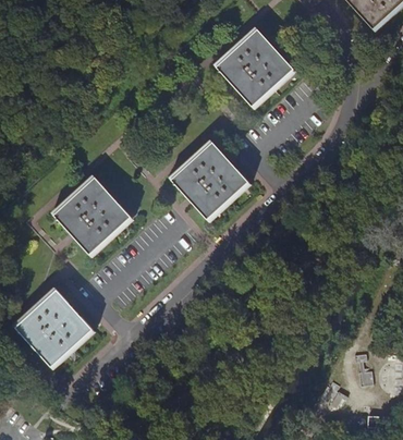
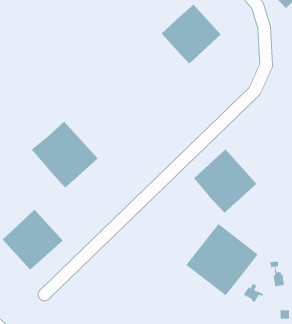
building: [169,138,251,221] -> [193,149,257,214]
building: none -> [186,223,258,296]

